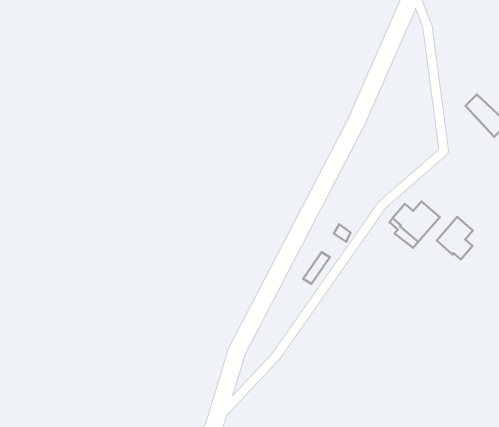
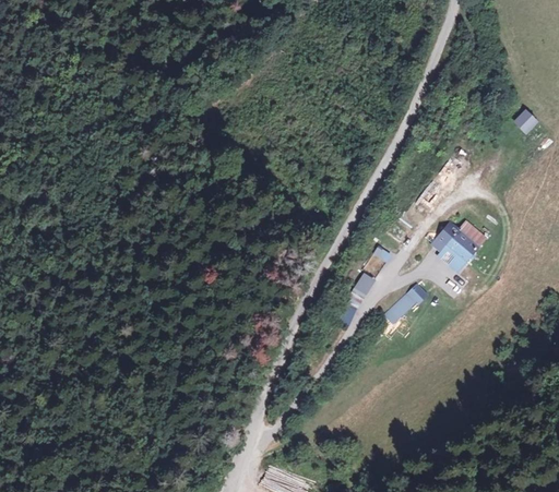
building: [437,217,473,259] -> none
building: none -> [384,283,428,324]

